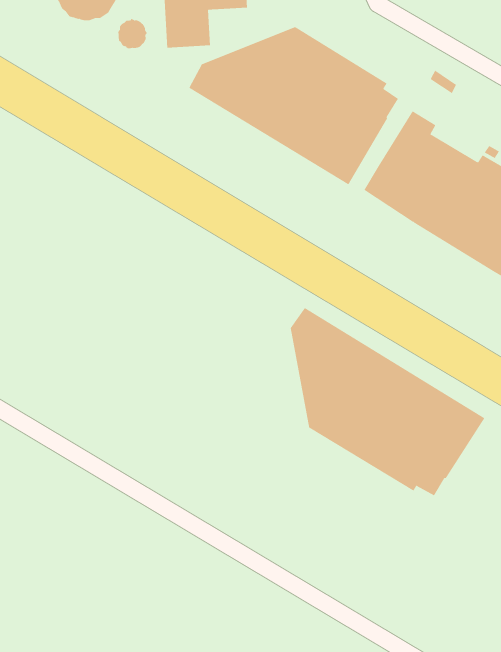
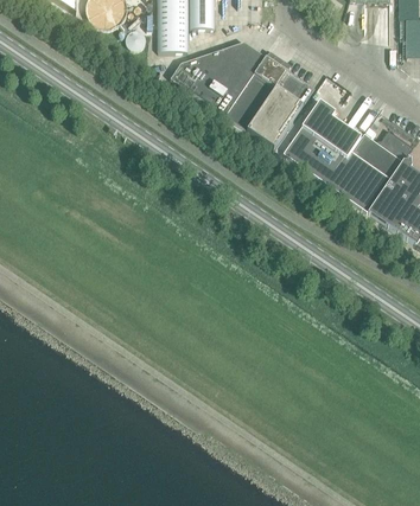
building: [290,307,485,496] -> none

